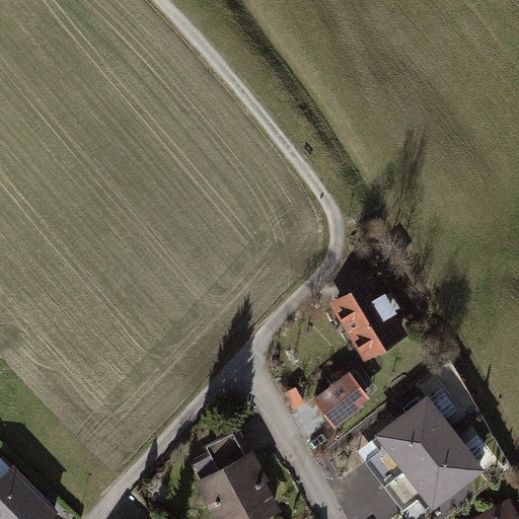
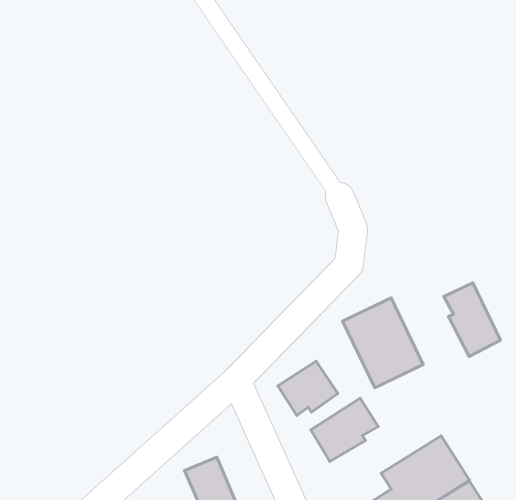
building: none -> [444,283,500,357]
building: none -> [278,361,338,416]

